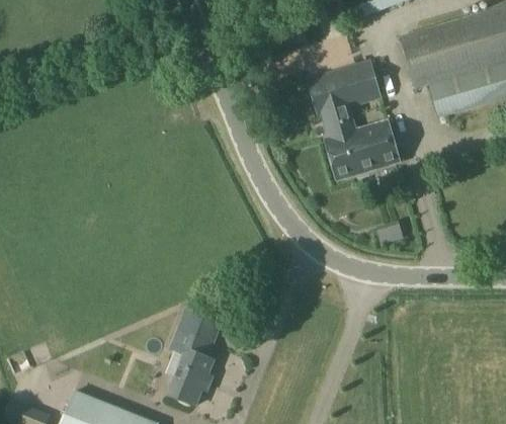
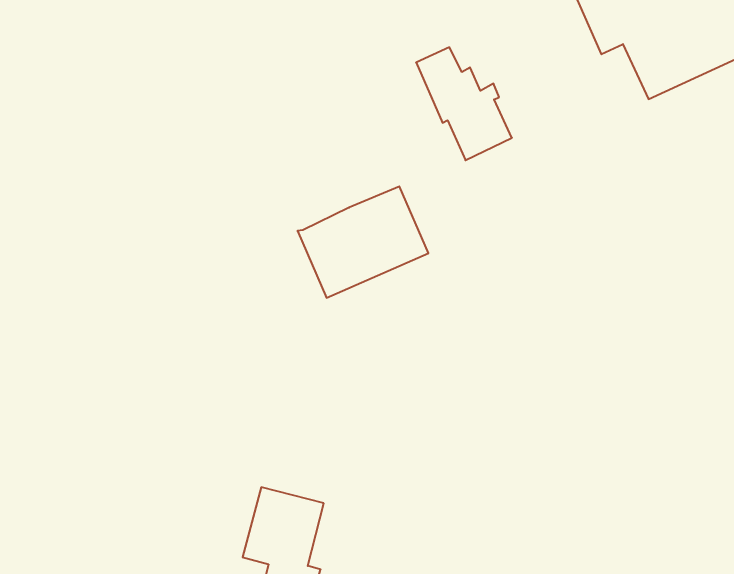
building: [329,63,381,106] -> none
building: [326,122,399,180] -> [297,186,428,298]

